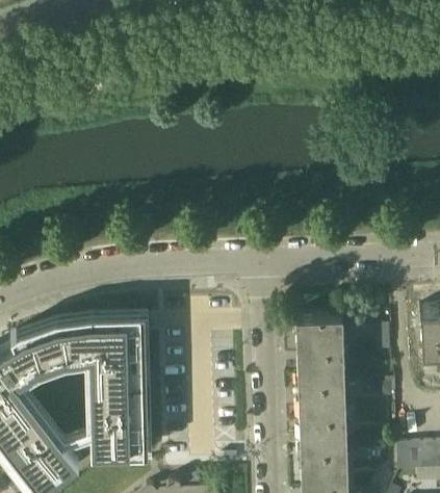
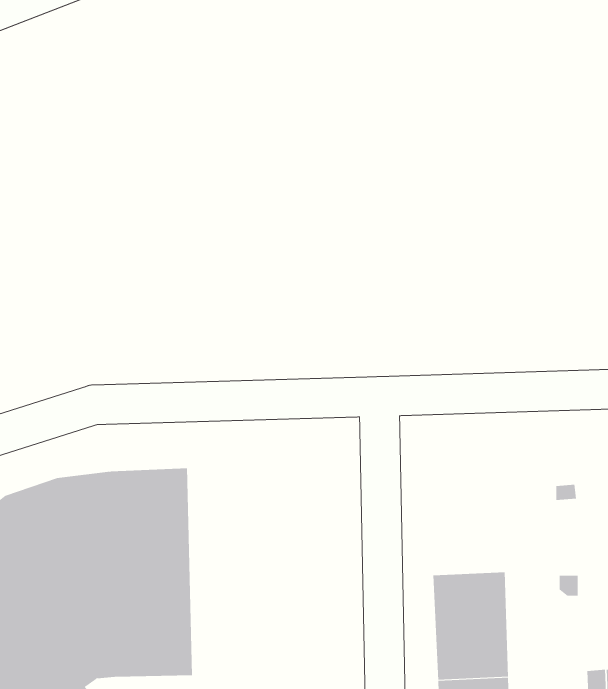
building: [296,314,345,384] -> none

